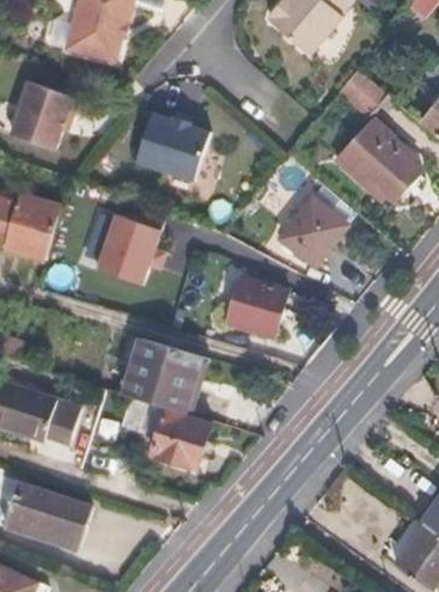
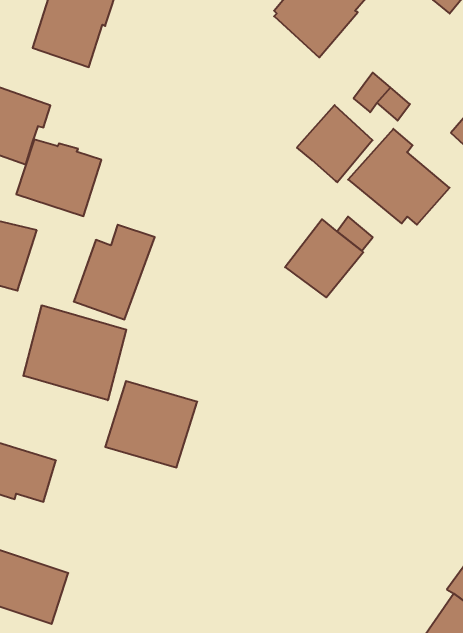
building: none -> [297,105,373,182]
building: [135,114,209,181] -> [16,139,101,216]
building: none -> [23,305,126,400]
building: [226,276,287,335] -> none
building: [150,410,208,468] -> none

